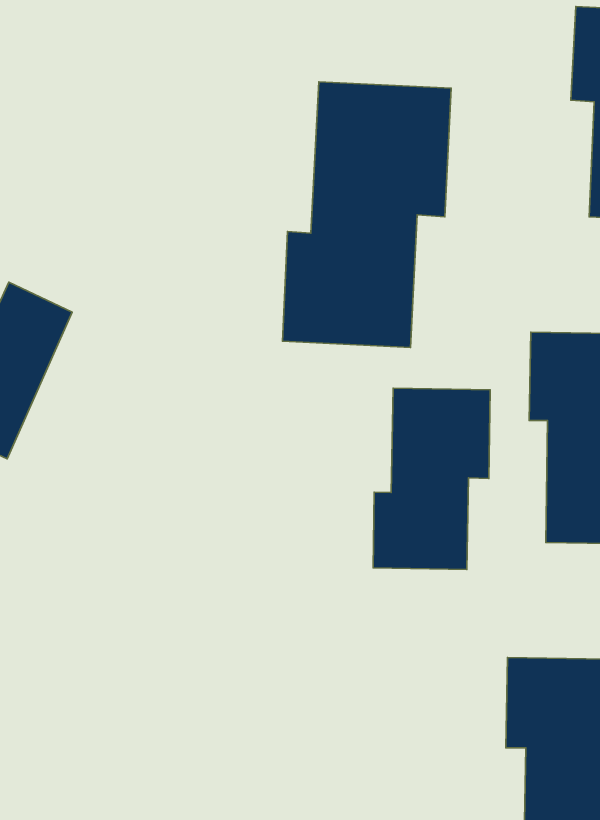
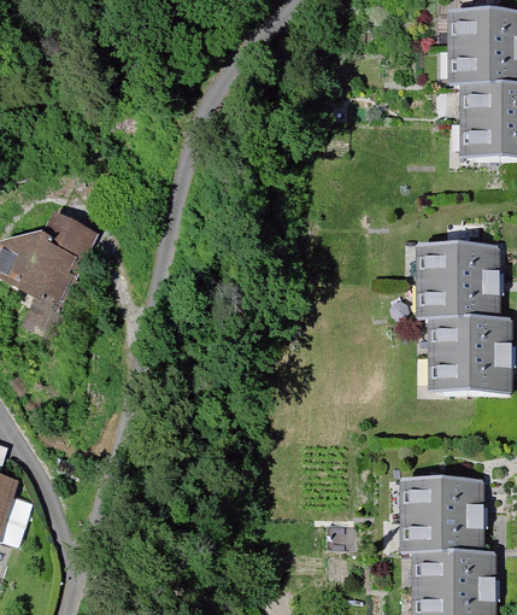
building: [282,82,451,348] -> none
building: [373,388,490,569] -> none

